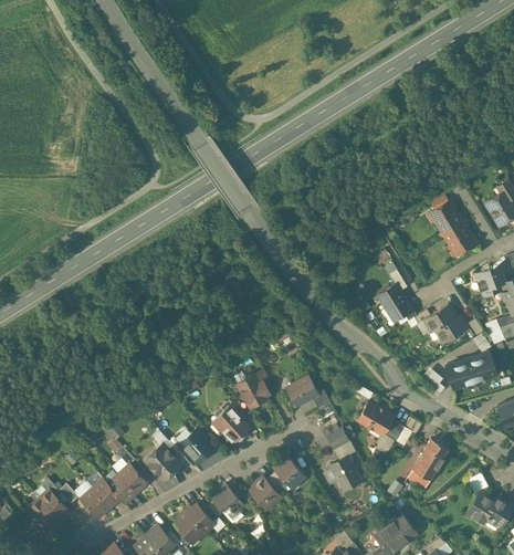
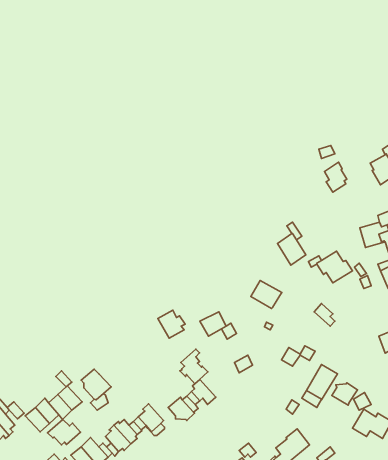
building: [443,226,478,254] -> none
building: [445,353,495,389] -> none
building: [357,401,394,434] -> [251,280,282,309]
building: [216,402,249,443] -> [180,349,208,384]
building: [180,429,219,468] -> none
building: [329,455,360,491] -> none
building: none -> [332,383,358,405]
building: none -> [47,419,81,445]

